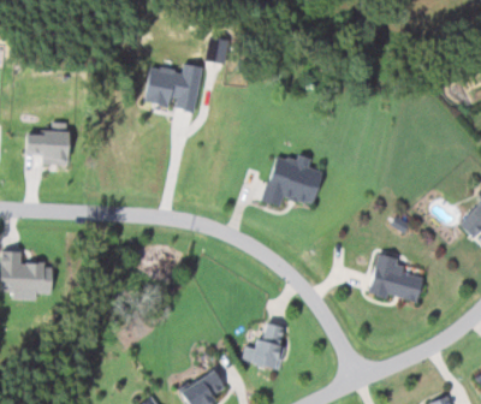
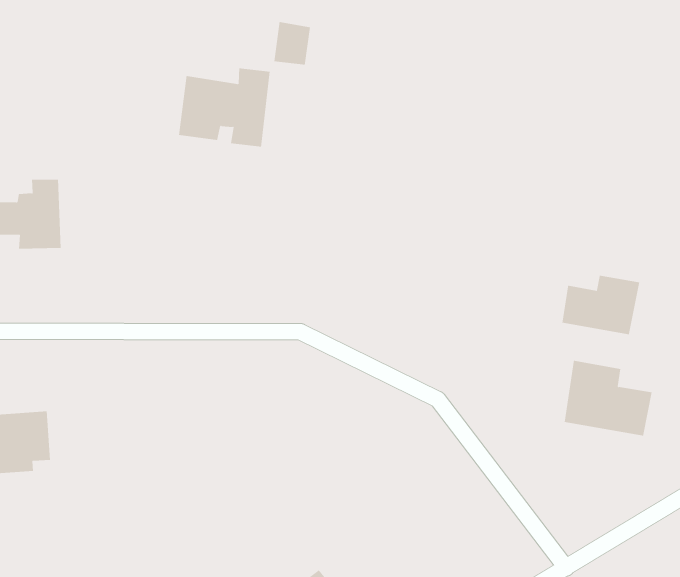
building: [261,151,321,206] -> none
building: none -> [562,275,640,335]
building: [251,322,286,369] -> none

